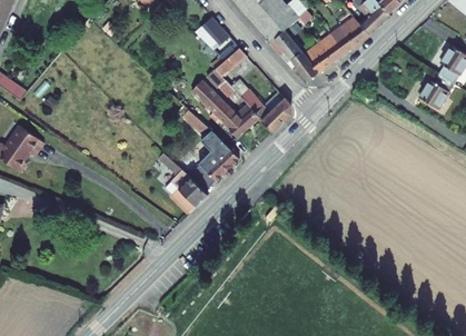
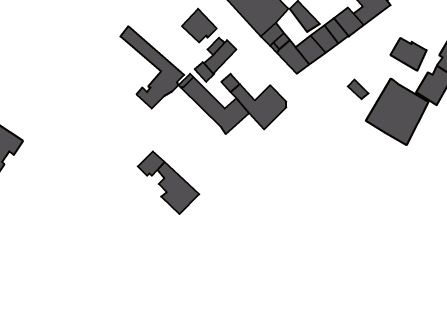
building: none -> [391,38,427,71]
building: none -> [366,79,428,145]
building: [180,111,241,190] -> [120,26,184,109]

